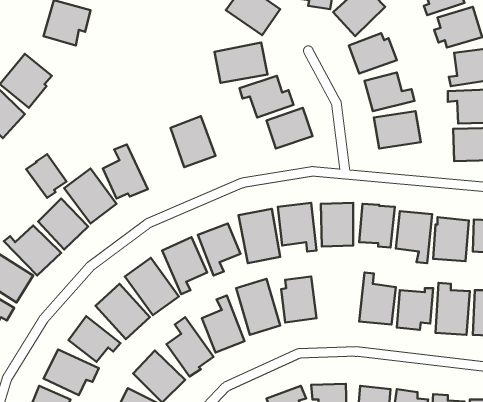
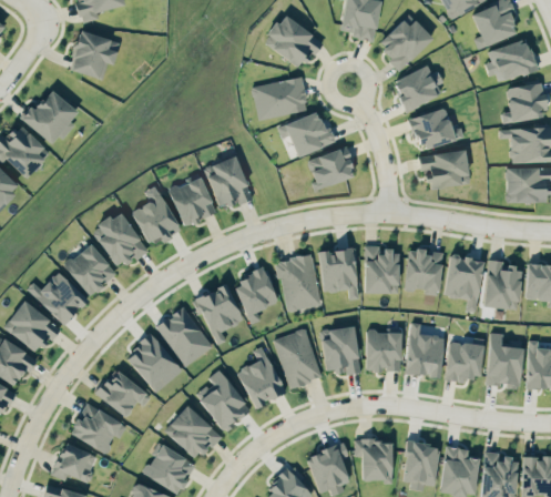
building: none -> [167,176,215,226]
building: [26,154,66,198] -> none
building: none -> [365,332,400,372]

